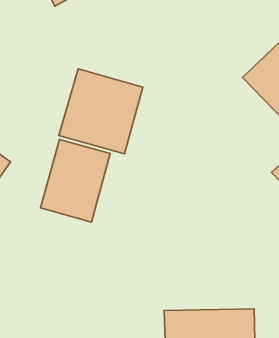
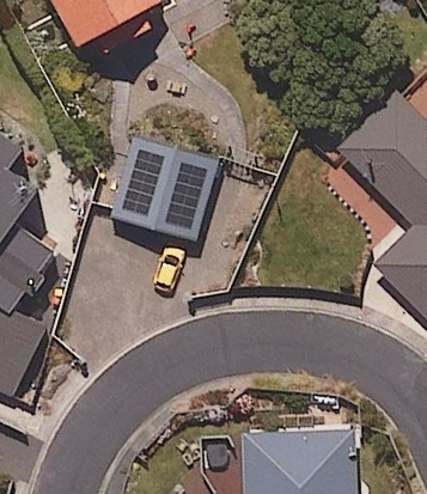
building: [40,140,110,222] -> none

